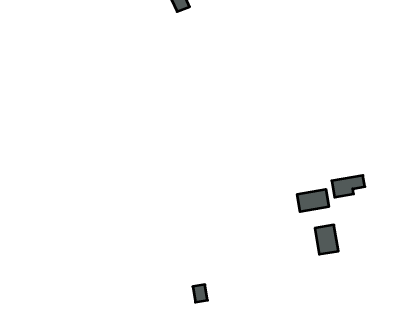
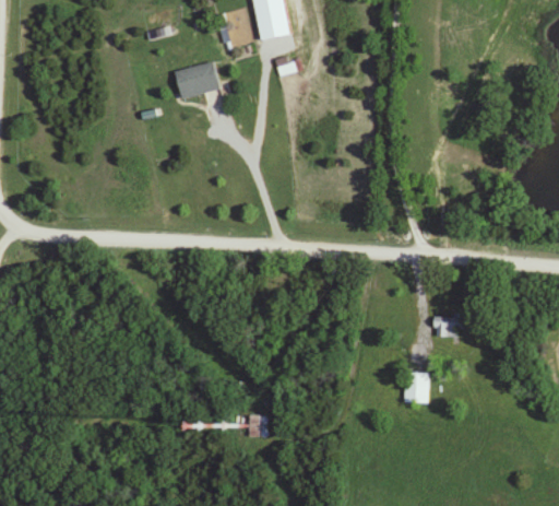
building: none -> [176,61,223,99]
building: [297,189,329,212] -> none

